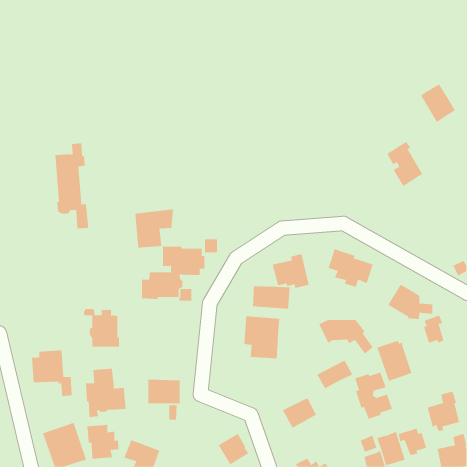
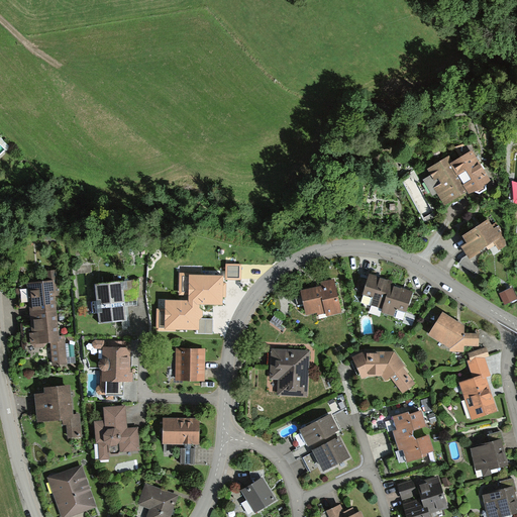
building: [420,83,456,123] -> [450,151,490,195]
building: [55,143,89,229] -> [27,270,66,365]
building: none -> [460,220,506,260]
building: [135,209,174,248] -> [96,280,139,323]
building: [252,285,290,309] -> none
building: none -> [175,348,204,381]
building: [377,340,412,381] -> [457,376,497,421]
building: [316,360,353,389] -> [298,415,338,447]
building: [87,424,119,459] -> none
building: [398,428,427,456] -> none

